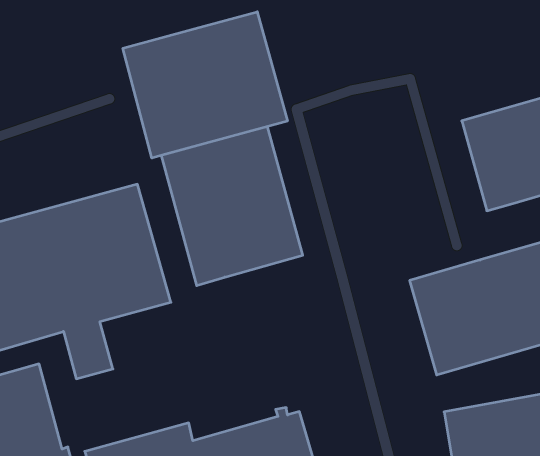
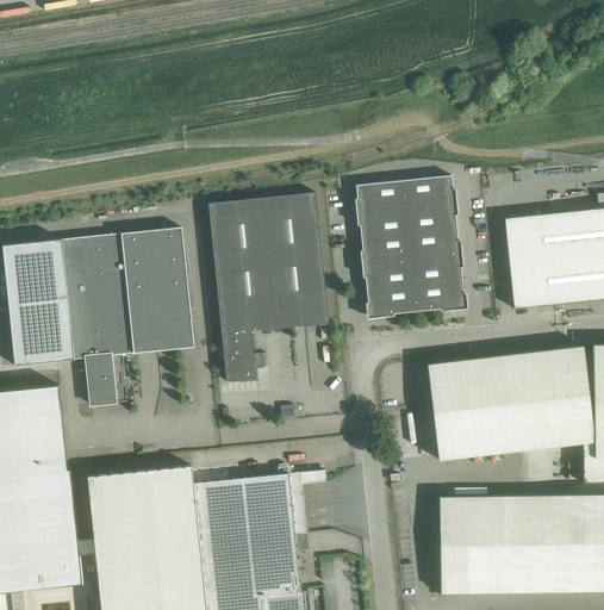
building: [123,12,287,158] -> none
building: none -> [356,175,465,317]
building: none -> [222,331,266,382]

